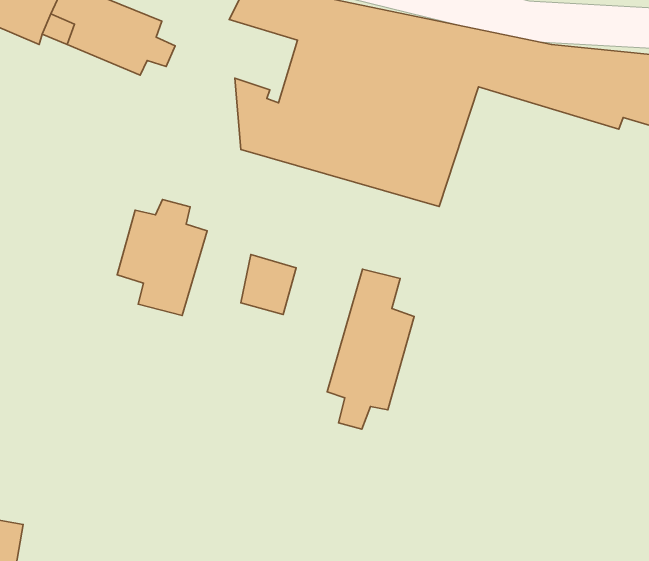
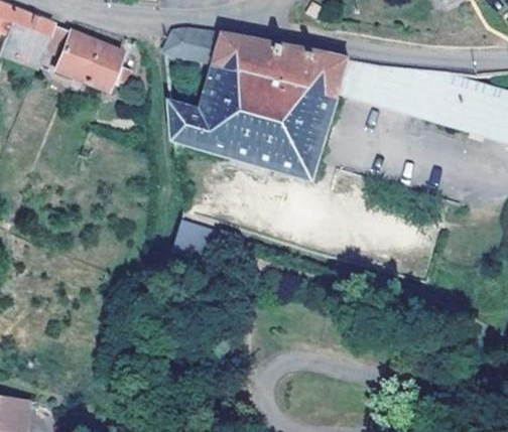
building: [117,199,207,316] -> none
building: [327,269,414,429] -> none

